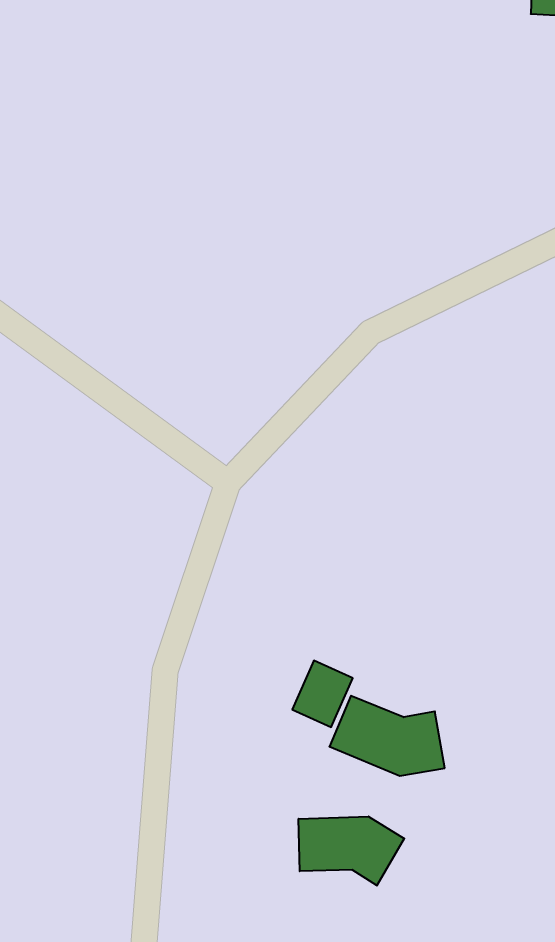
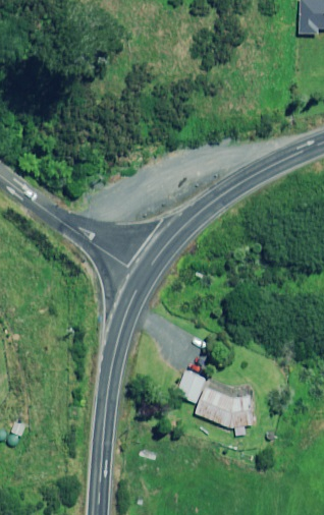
building: [299,816,404,886] -> none

